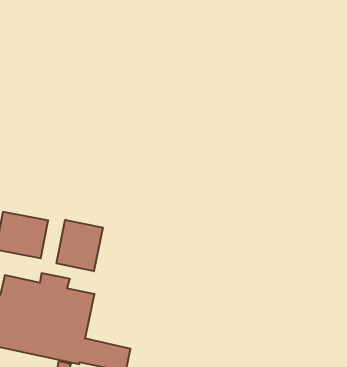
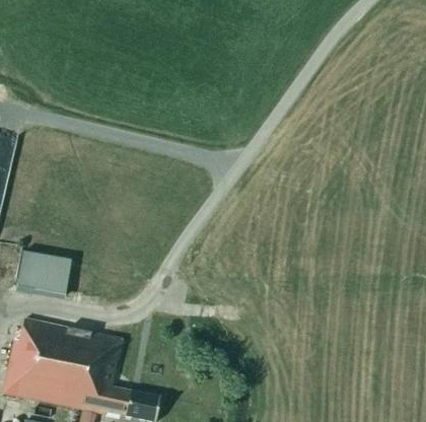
building: [56,220,103,271] -> none

